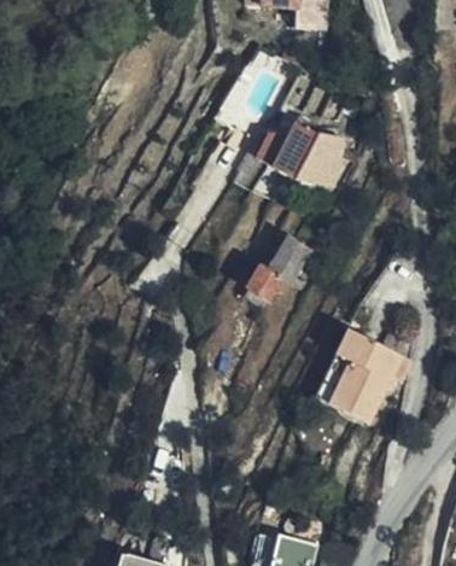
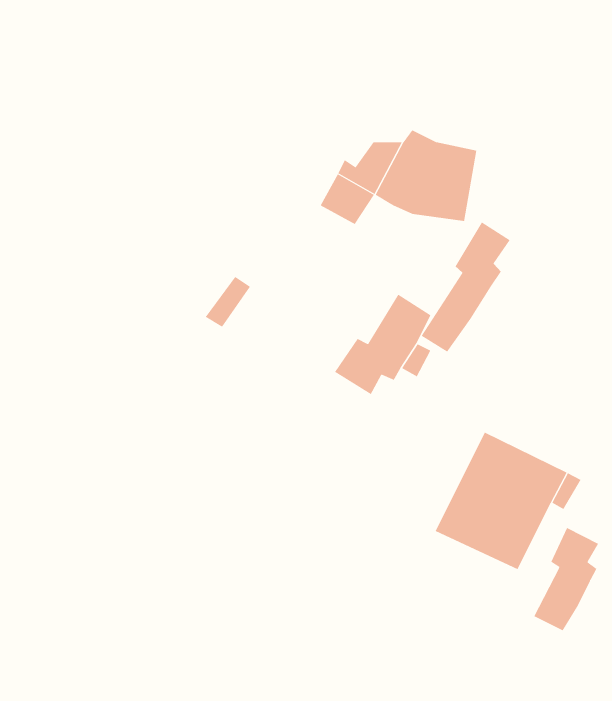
building: none -> [421,221,510,353]
building: none -> [533,527,599,631]

